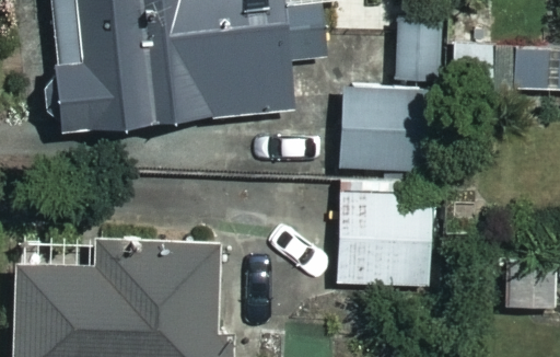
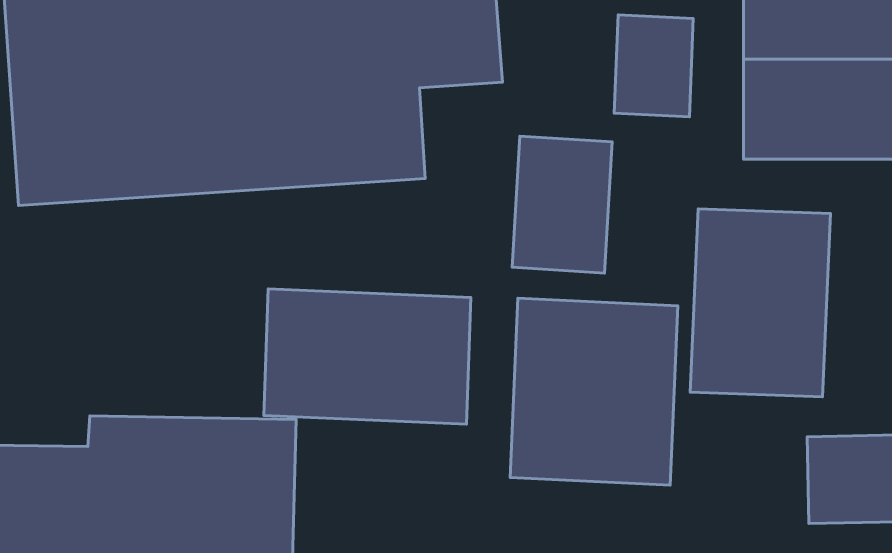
building: none -> [690,209,830,397]
building: none -> [264,289,471,424]

